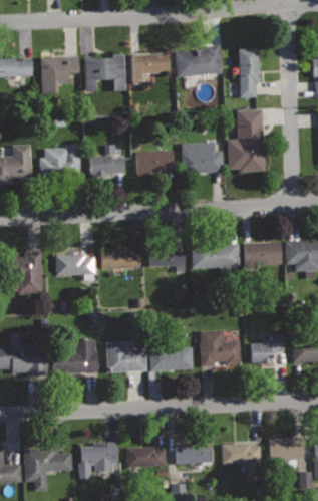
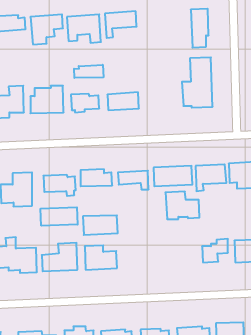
building: [177,46,223,77] -> none
building: none -> [74,65,103,78]
building: [181,143,224,174] -> none
building: none -> [41,207,78,226]
building: [199,331,241,365] -> [165,192,199,219]
building: [149,347,193,371] -> [83,215,118,235]

